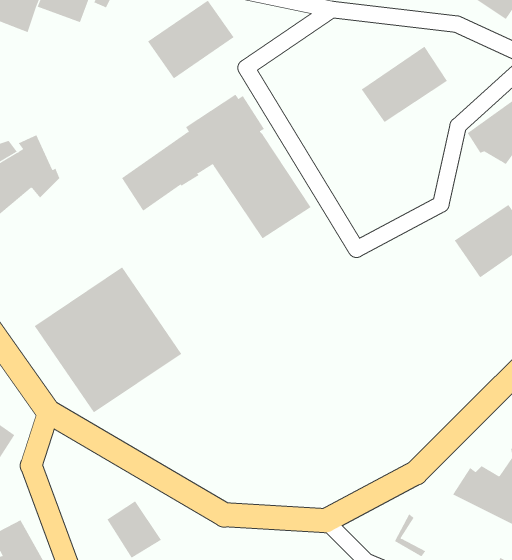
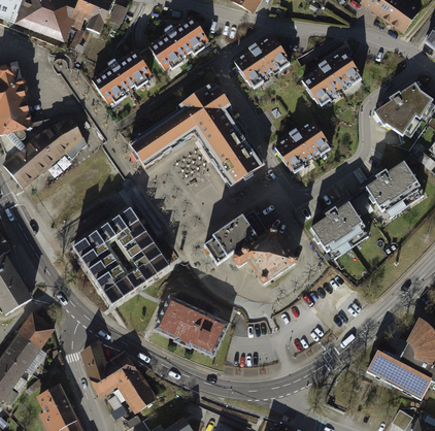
building: none -> [234,34,292,89]
building: none -> [91,49,153,106]
building: none -> [275,120,331,171]
building: none -> [309,201,367,255]
building: none -> [203,209,296,284]
building: none -> [153,291,228,355]
building: none -> [82,342,138,396]

